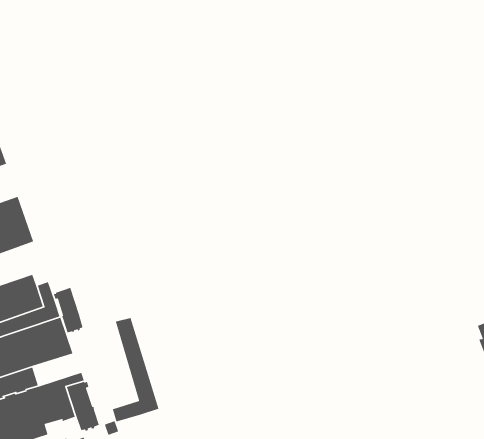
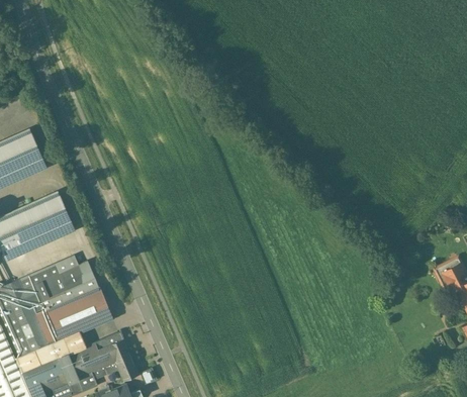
building: [53,287,84,334] -> none
building: [112,317,160,423] -> none

